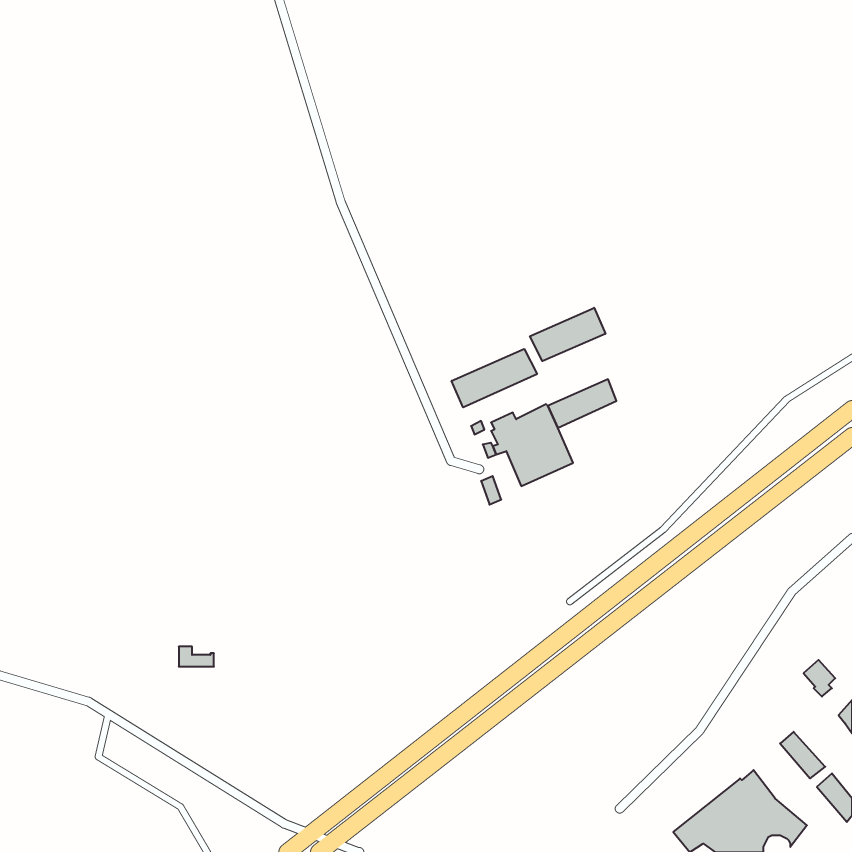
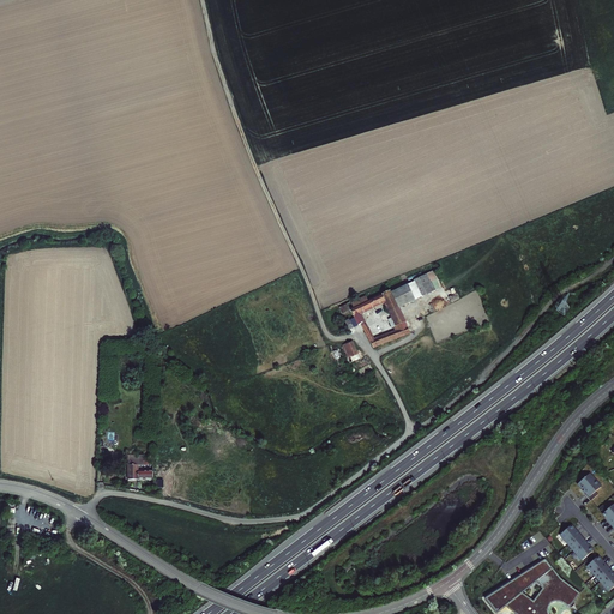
building: [530,308,605,361] -> none
building: [452,349,537,407] -> none

